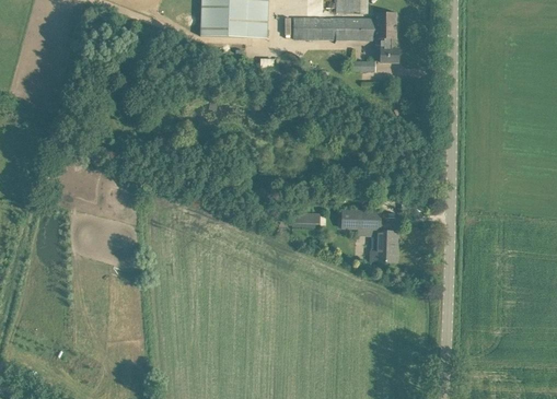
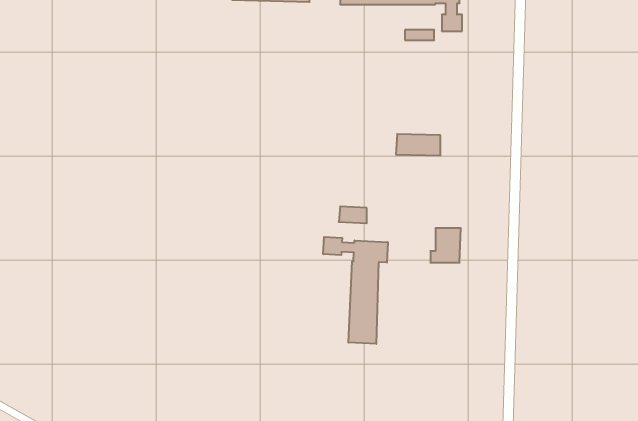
building: [341,210,380,228] -> [396,134,440,156]
building: none -> [323,237,388,344]

